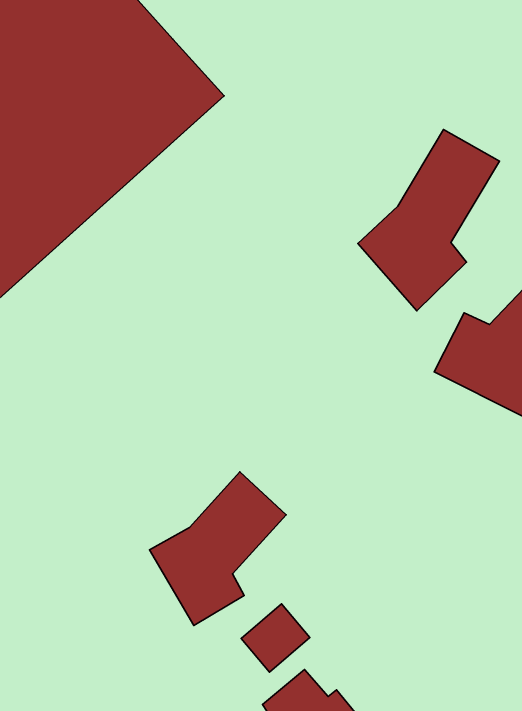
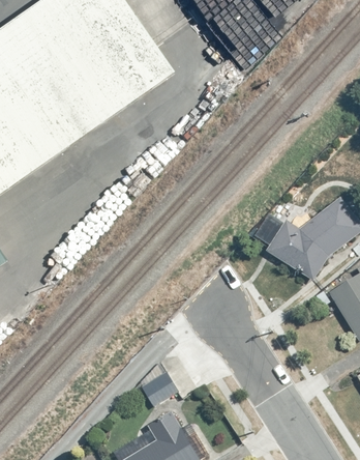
building: [358,129,499,311] -> none
building: [149,472,286,625] -> none

